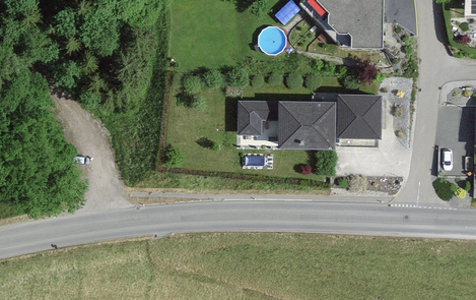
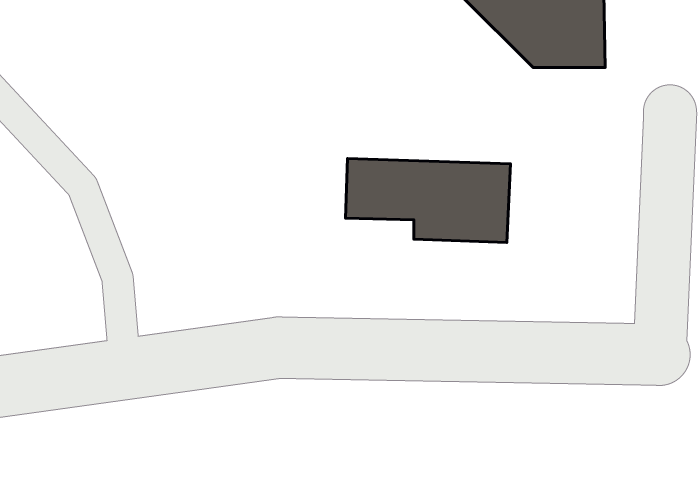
building: [340,104,377,136] -> none

